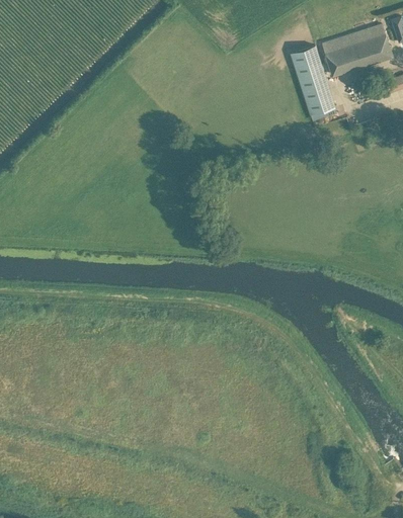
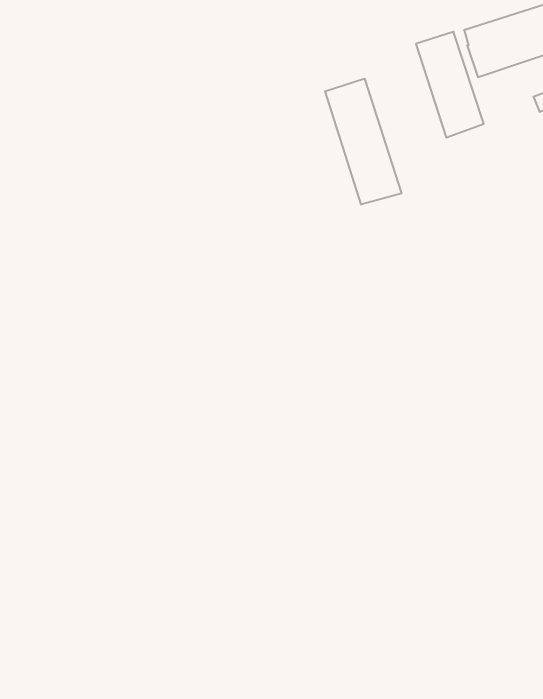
building: none -> [325,79,401,205]

